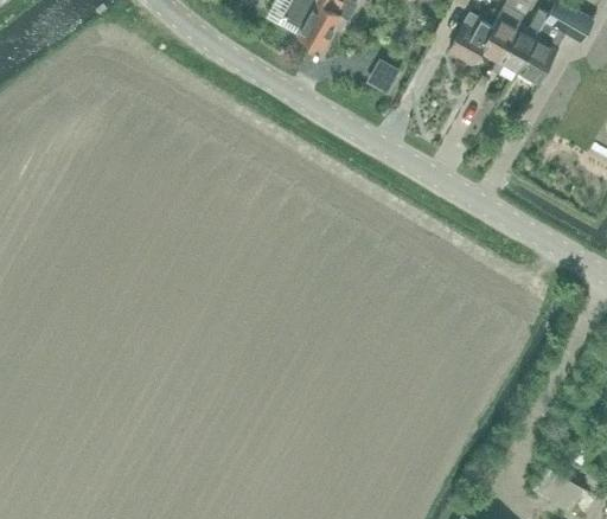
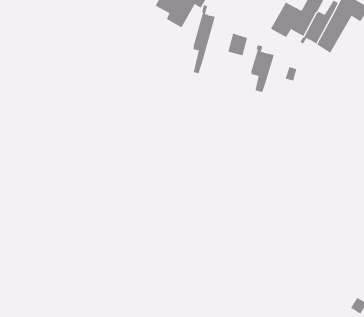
building: none -> [193,5,216,74]
building: none -> [250,45,274,93]

